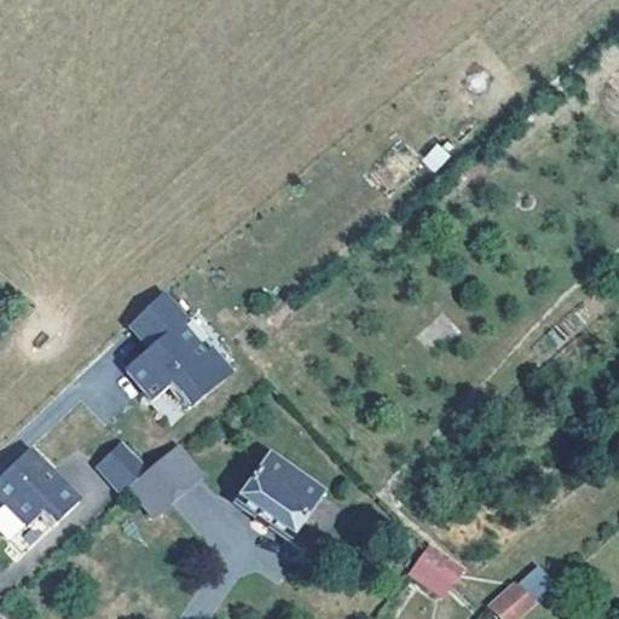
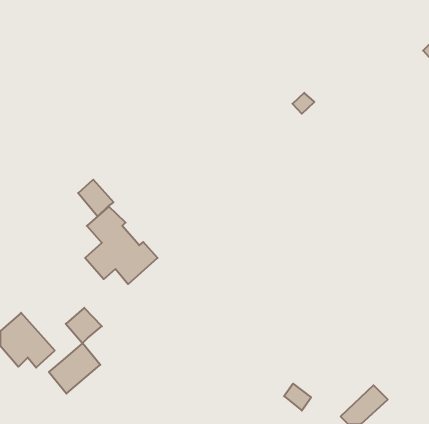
building: none -> [78,180,113,217]
building: [128,444,202,516] -> [49,343,100,394]
building: [238,456,324,539] -> none

